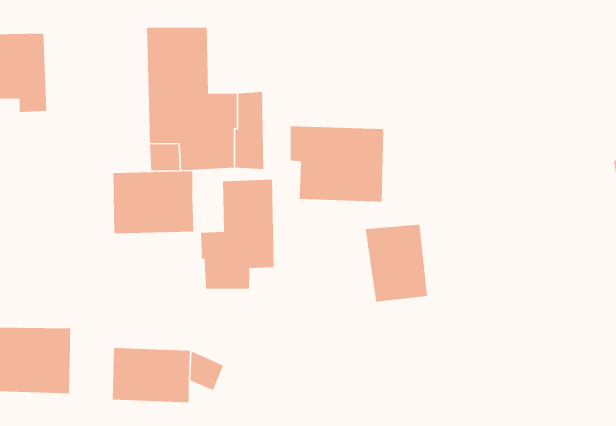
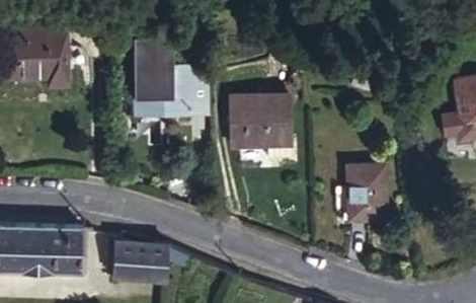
building: [113,171,194,234] -> none
building: [200,179,274,290] -> none
building: [365,224,428,302] -> [341,162,384,215]

